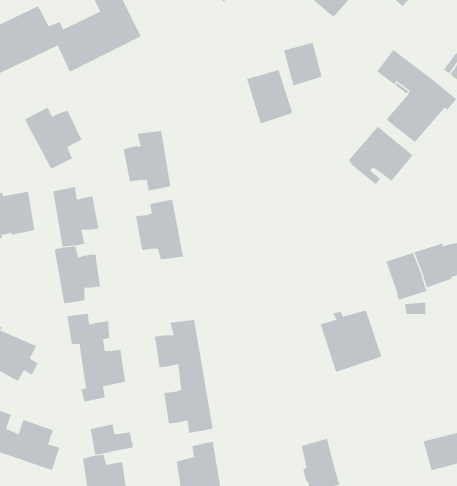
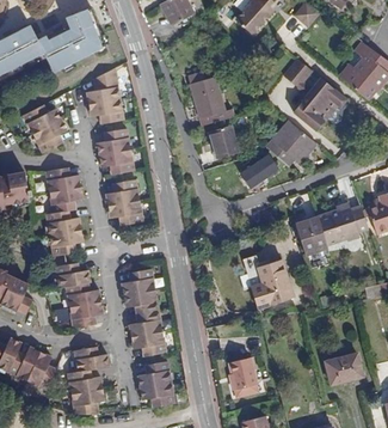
building: [283,42,322,86] -> [209,123,239,157]
building: none -> [87,65,123,116]
building: none -> [240,153,278,187]

